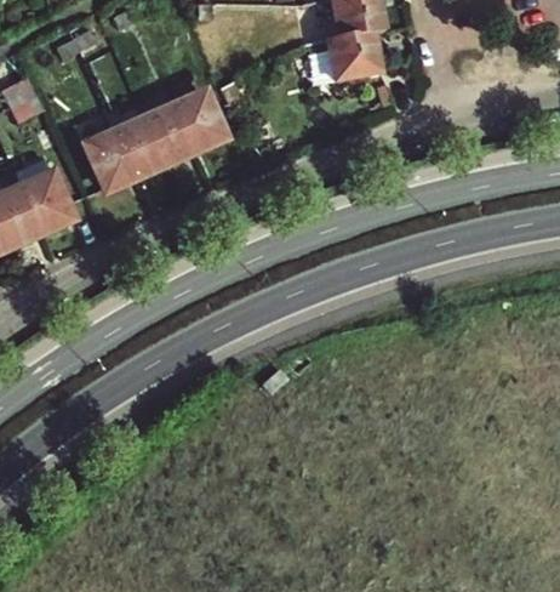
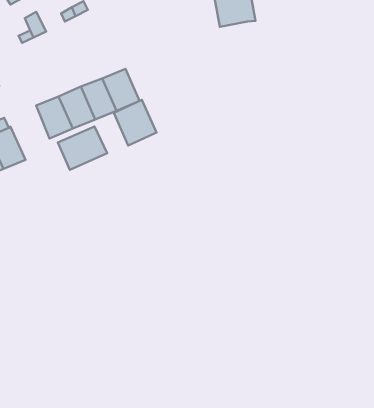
building: [325,30,381,80] -> none
building: none -> [114,100,156,145]
building: none -> [58,126,107,170]

